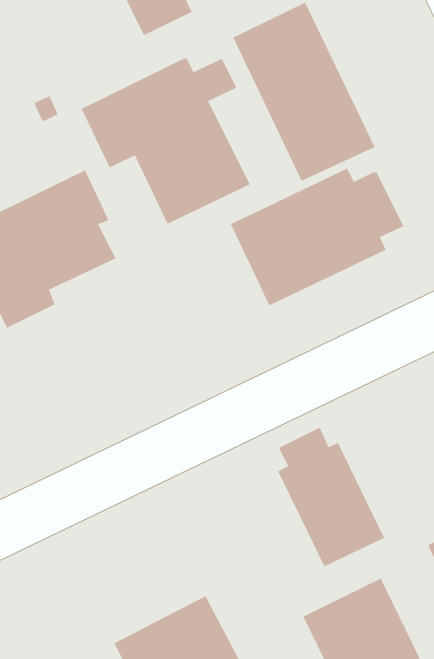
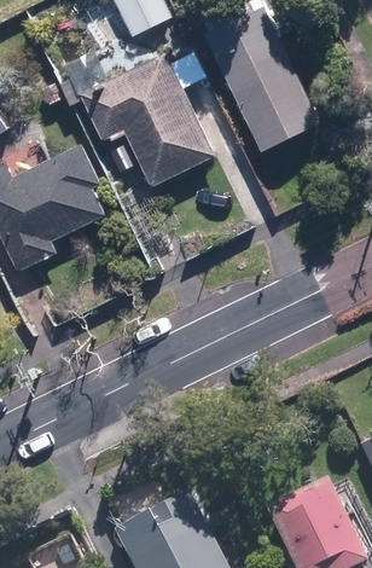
building: [230,168,404,306] -> none
building: [277,427,385,567] -> none

